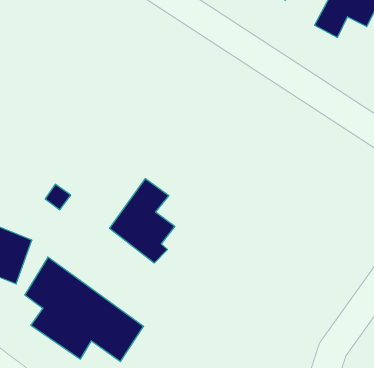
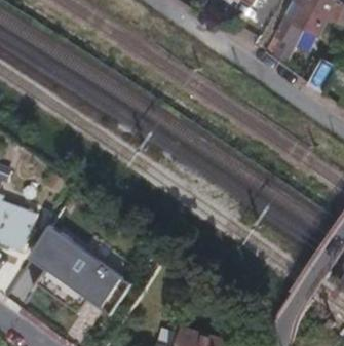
building: [110,179,175,263] -> none

